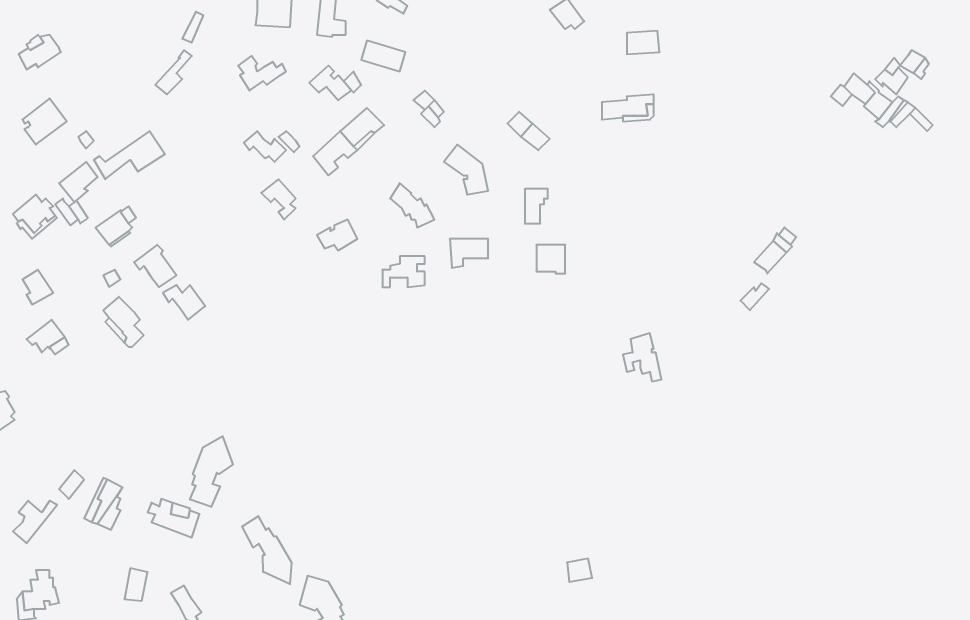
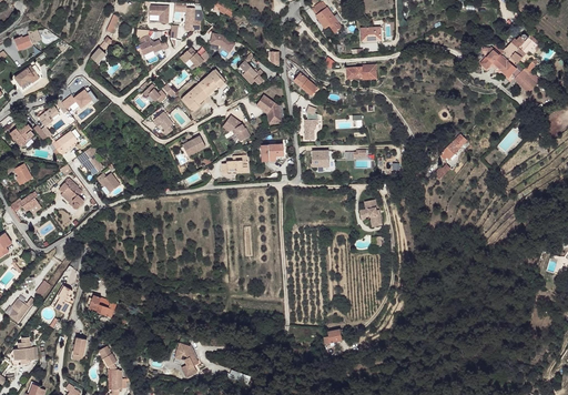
building: [190,436,233,507] -> none
building: [242,516,291,584] -> none

